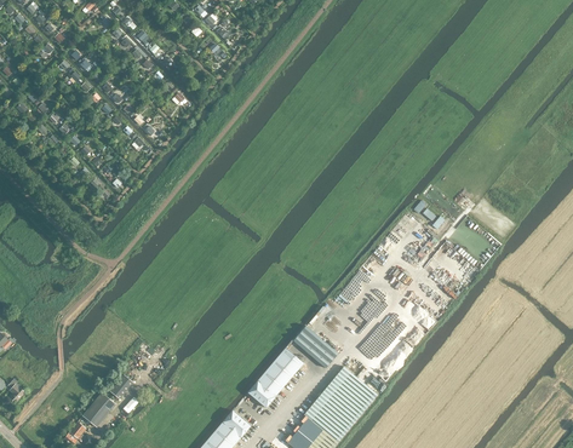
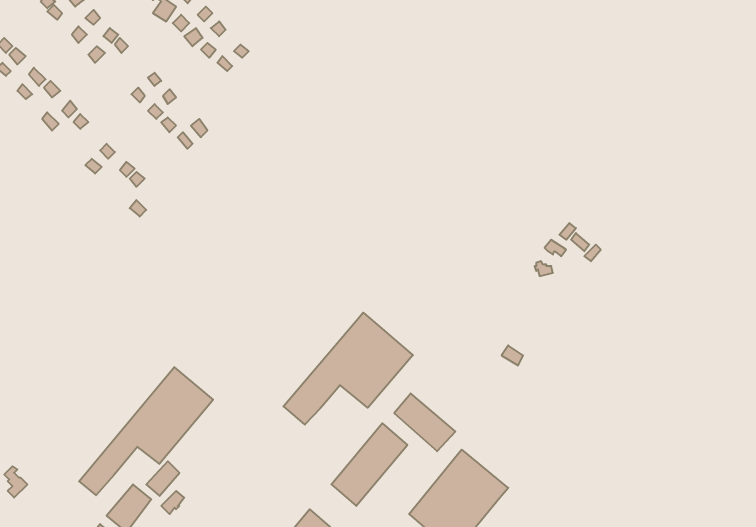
building: none -> [283,313,413,425]
building: none -> [79,367,213,495]

